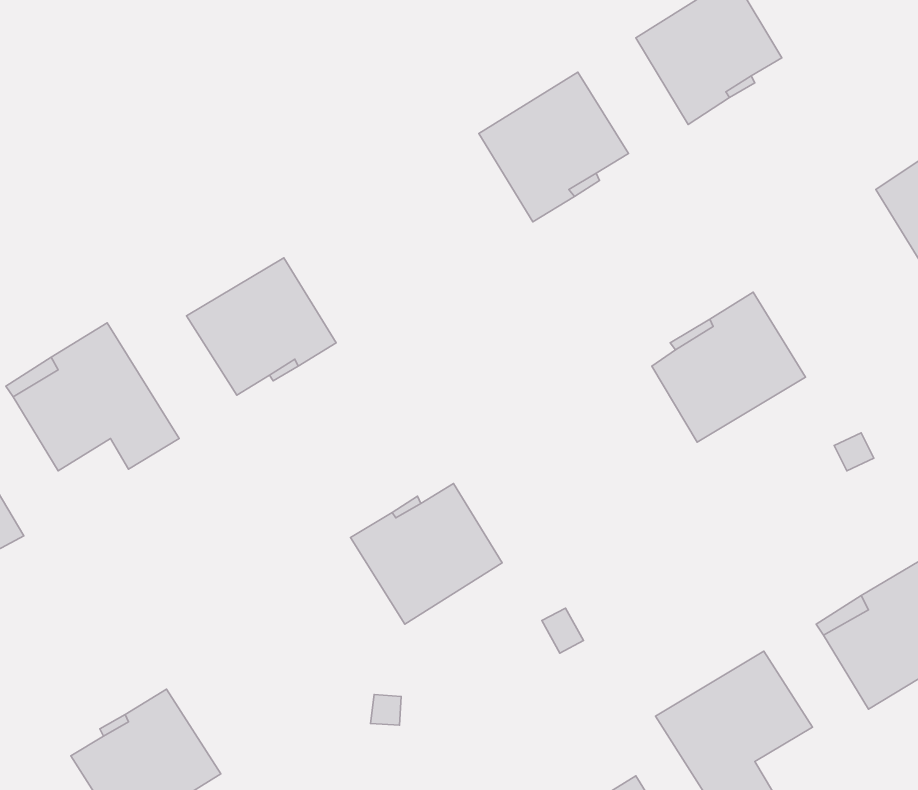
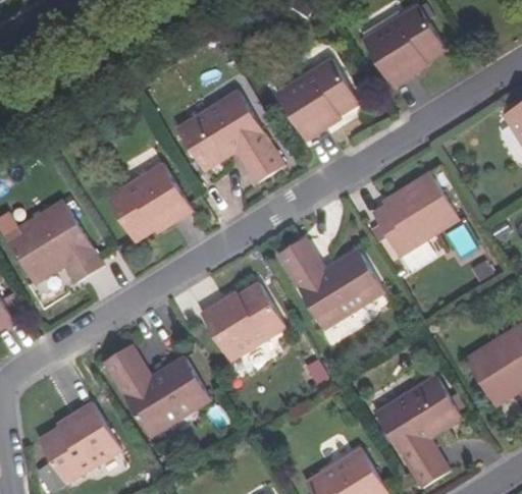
building: none -> [176,86,284,179]
building: none -> [275,240,382,333]
building: none -> [106,344,212,435]

